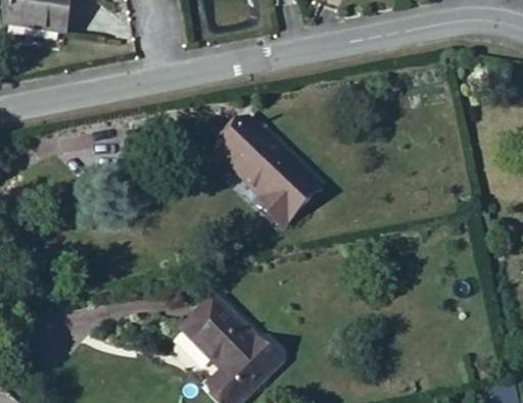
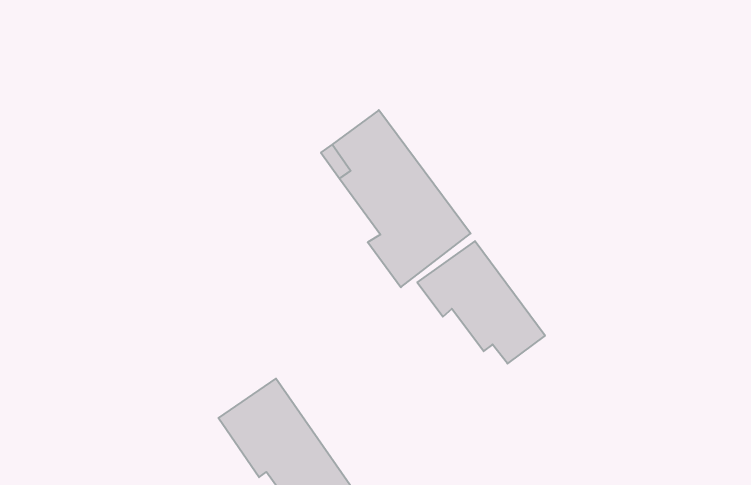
building: none -> [417,241,545,364]

